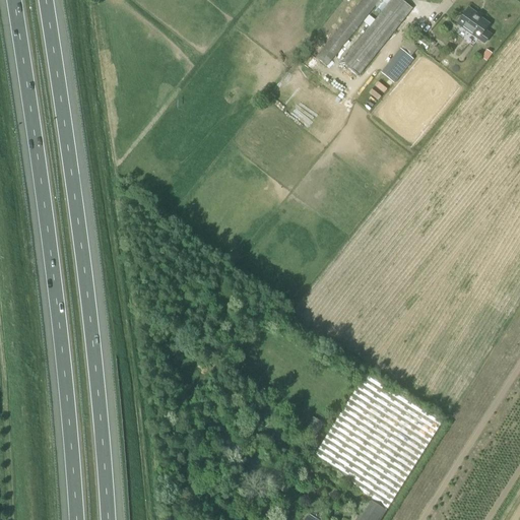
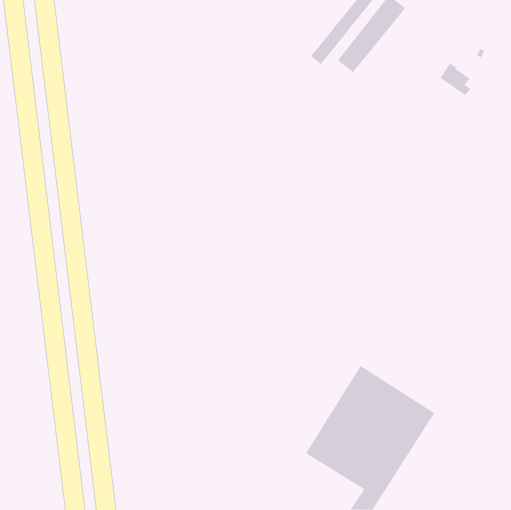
building: [458,8,491,42] -> [439,63,471,96]
building: [381,48,414,83] -> none

